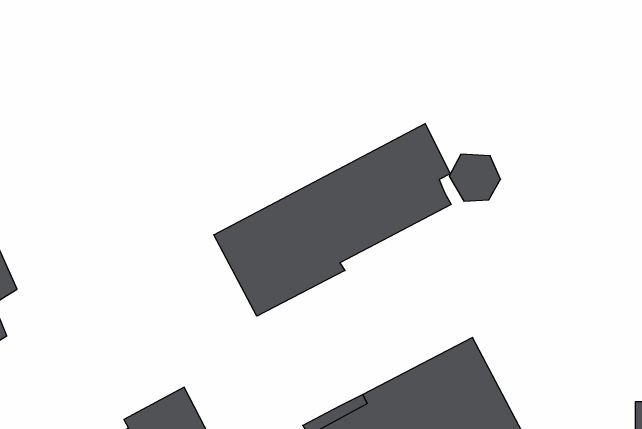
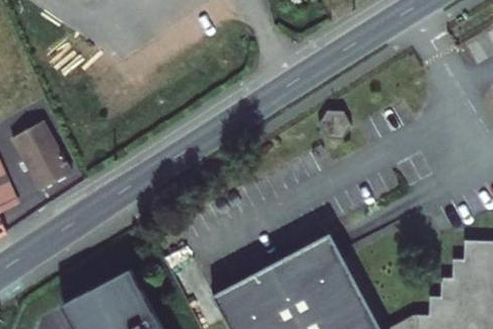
building: [214,124,451,316] -> none
building: none -> [12,122,70,185]

